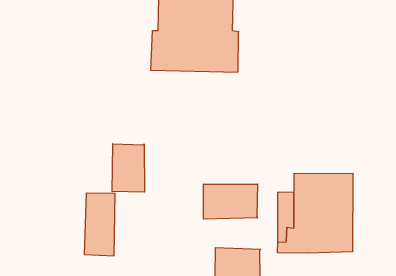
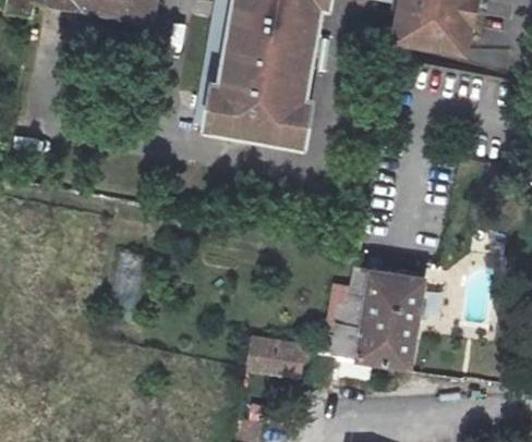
building: [112,144,144,192] -> none
building: [203,184,258,219] -> none

